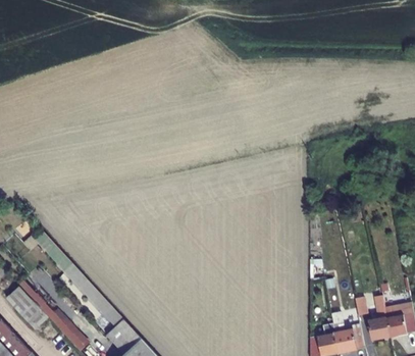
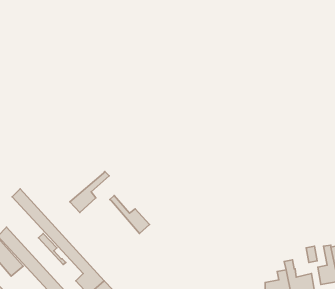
building: none -> [70,172,109,213]
building: none -> [110,195,150,234]

